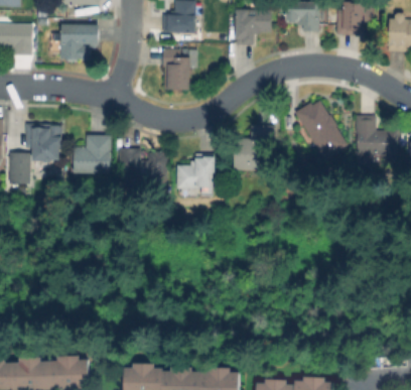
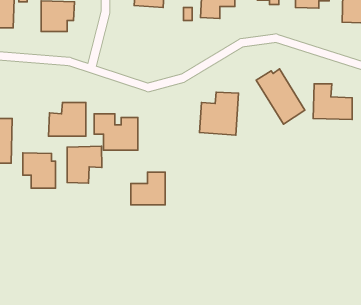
building: [164,42,195,88] -> none
building: [24,124,59,162] -> [23,153,55,188]
building: [176,153,214,188] -> [131,172,165,205]
building: none -> [67,146,102,183]

